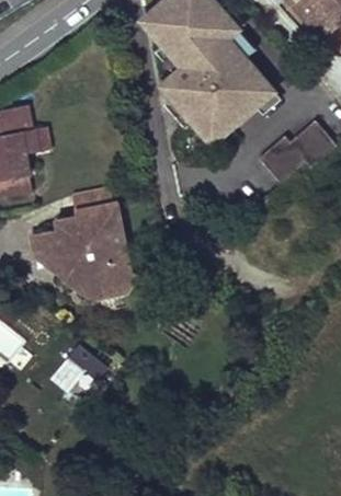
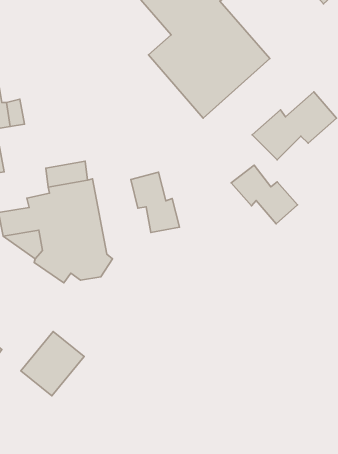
building: none -> [231,165,298,224]
building: none -> [131,172,180,233]

